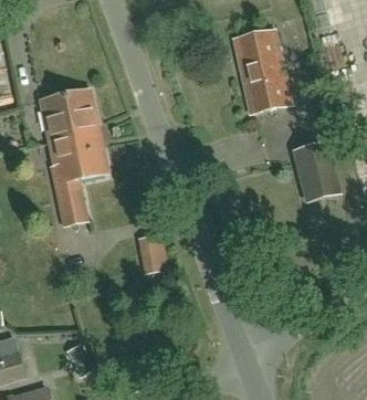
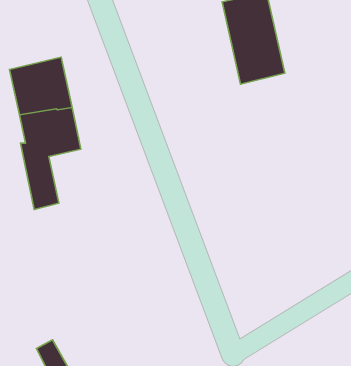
building: [292,139,343,202] -> none
building: [138,233,168,273] -> none

